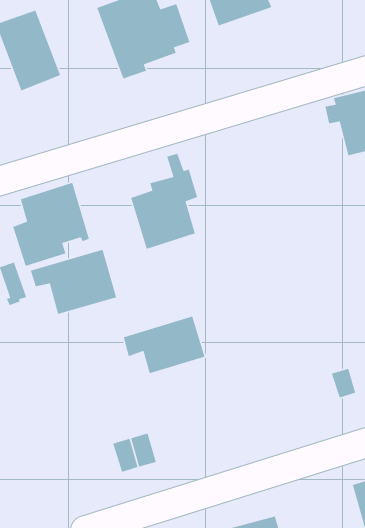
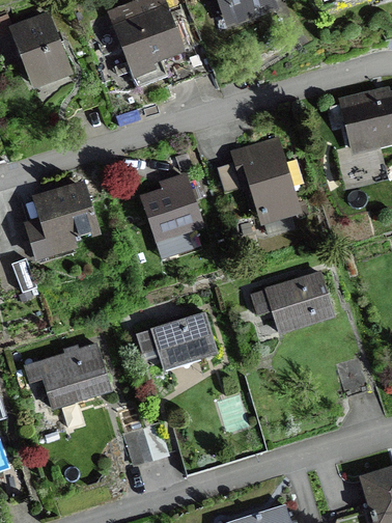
building: none -> [217,136,309,238]
building: [30,249,117,315] -> [21,342,106,407]
building: none -> [250,272,336,337]

